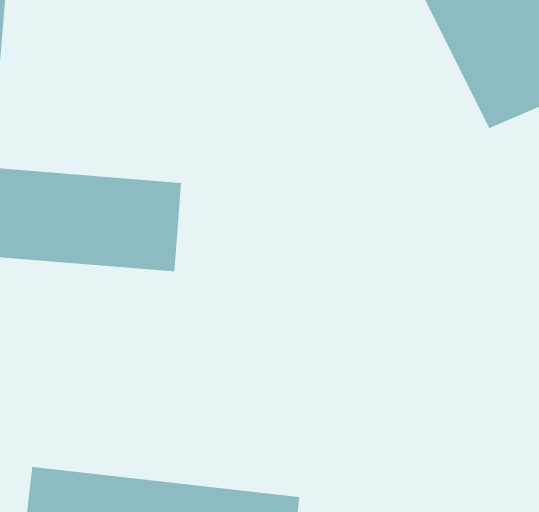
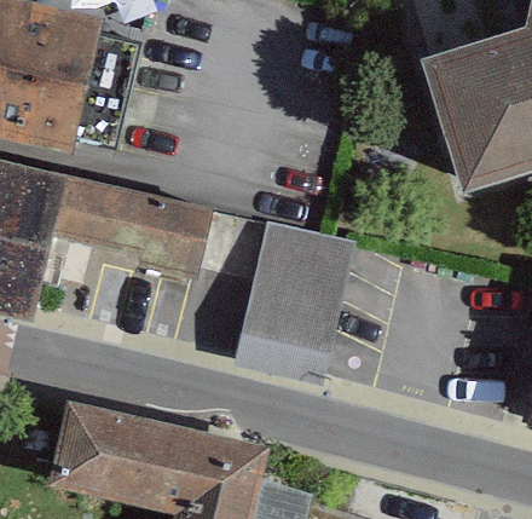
building: none -> [238,224,359,380]

